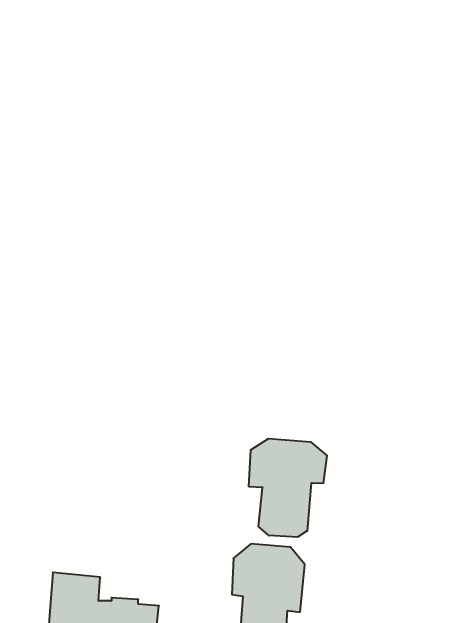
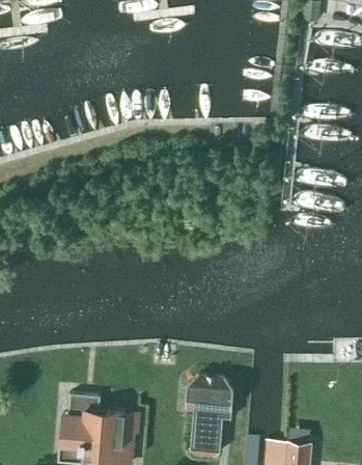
building: [249,439,327,537] -> none

